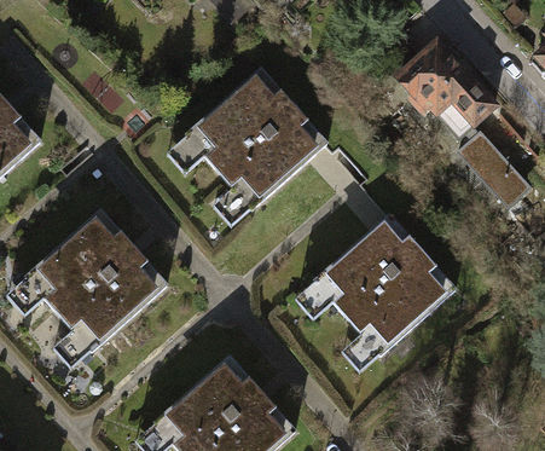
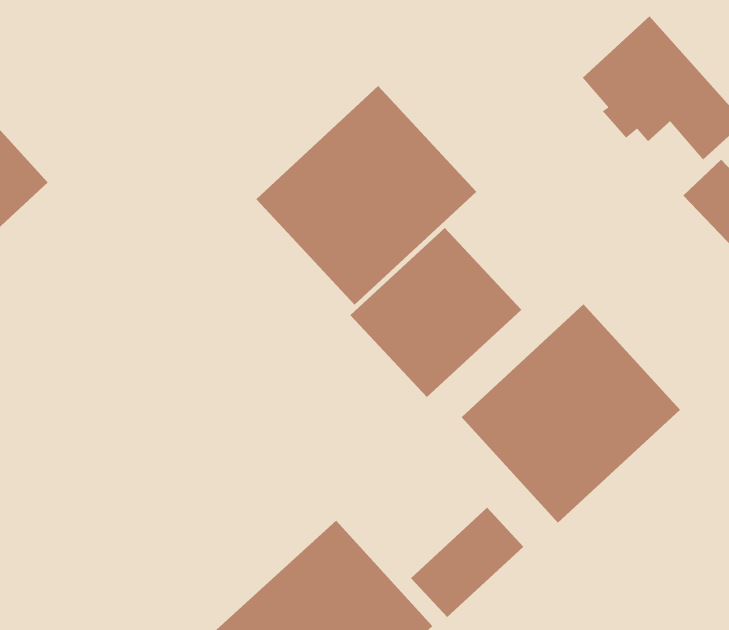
building: none -> [350,227,522,398]
building: [19,212,166,357] -> none
building: none -> [410,507,524,618]

